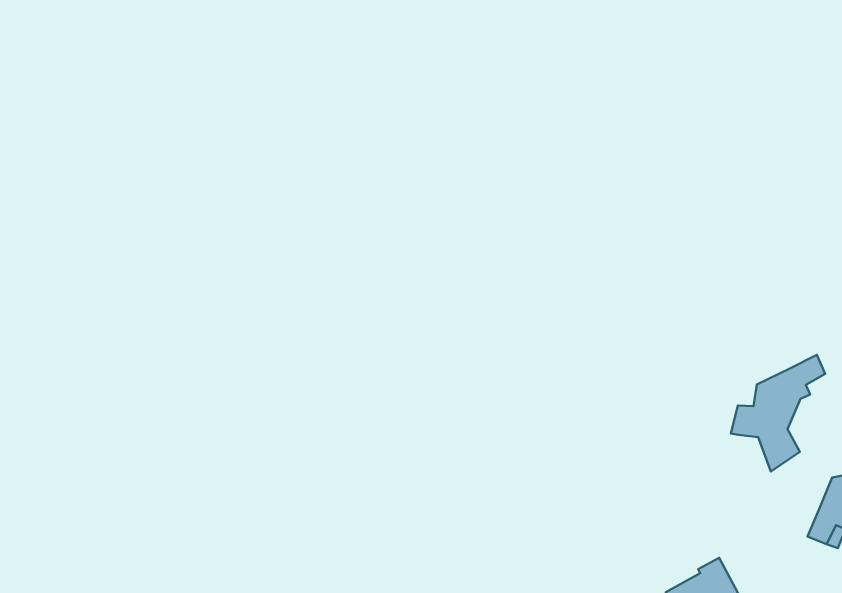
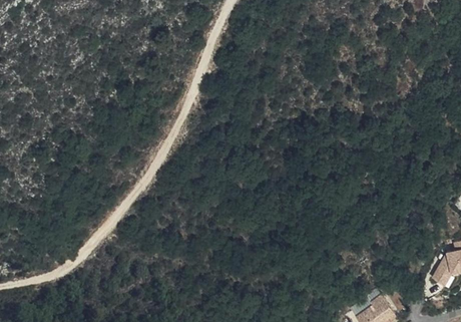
building: [731,355,825,472] -> none

